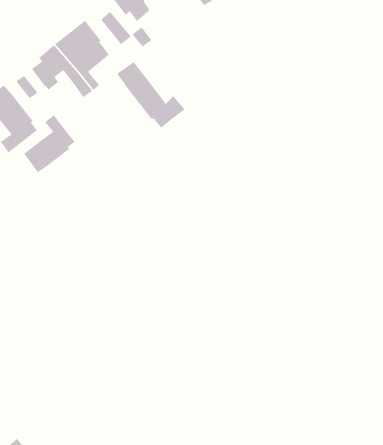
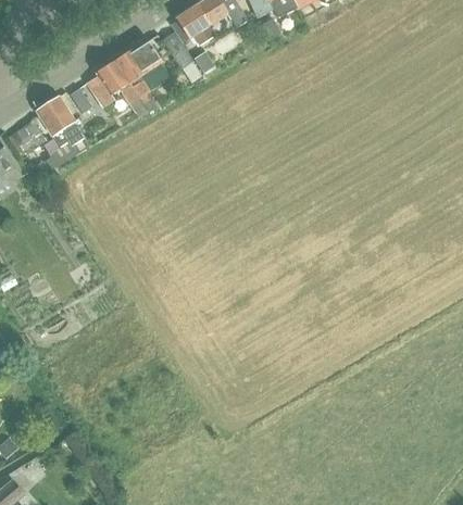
building: [116,61,185,129] -> none
building: [23,114,76,173] -> none

